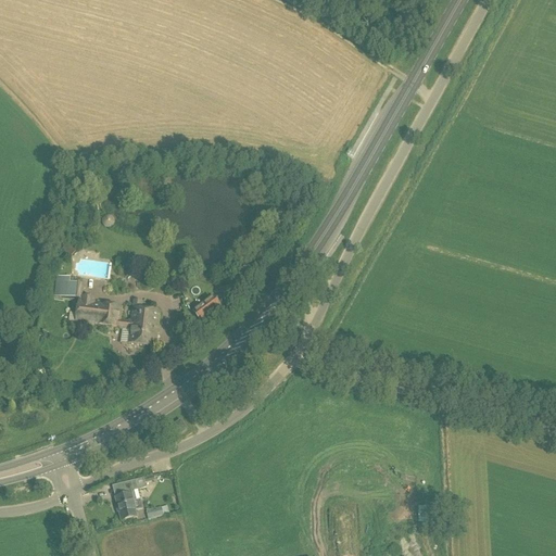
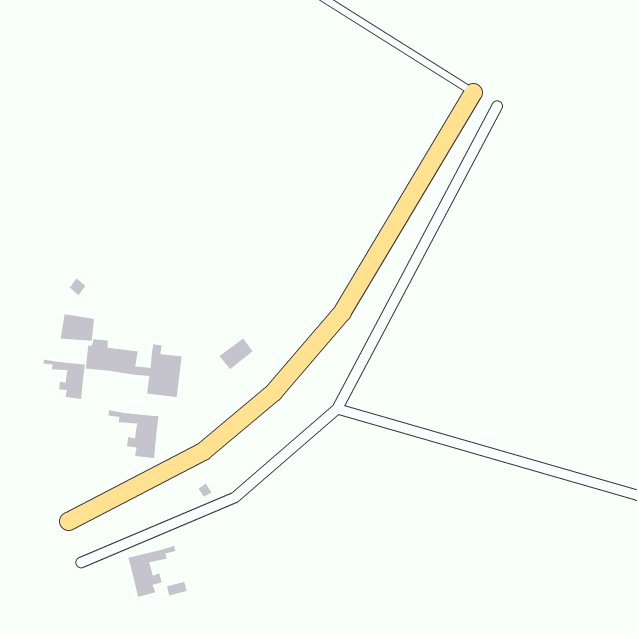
building: none -> [43,359,85,400]
building: none -> [108,410,159,459]

